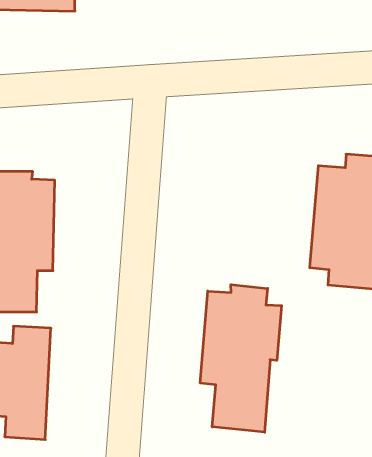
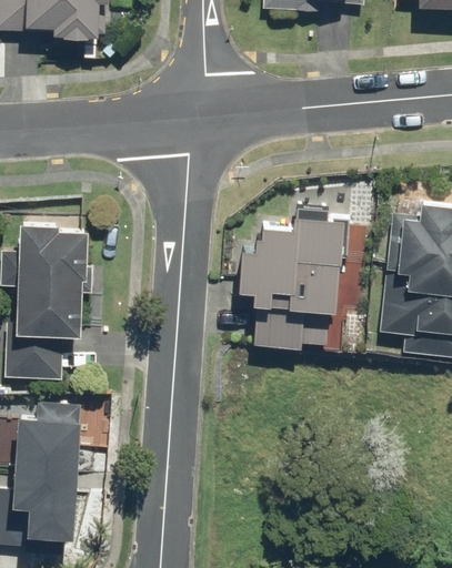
building: none -> [240,213,345,349]
building: [200,285,282,432] -> none

